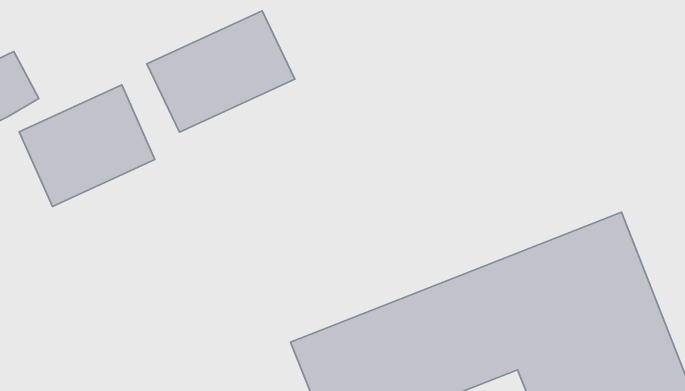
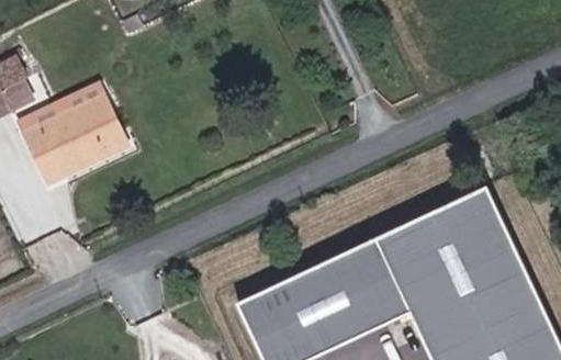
building: [147,11,295,132] -> none

